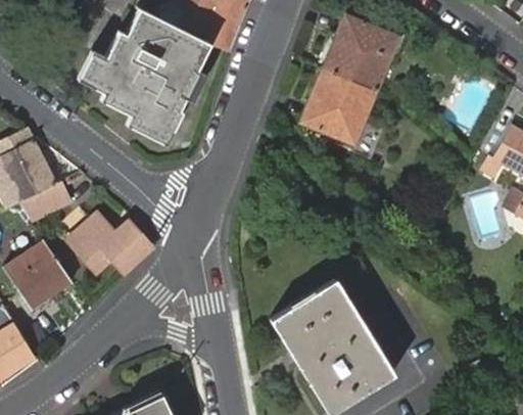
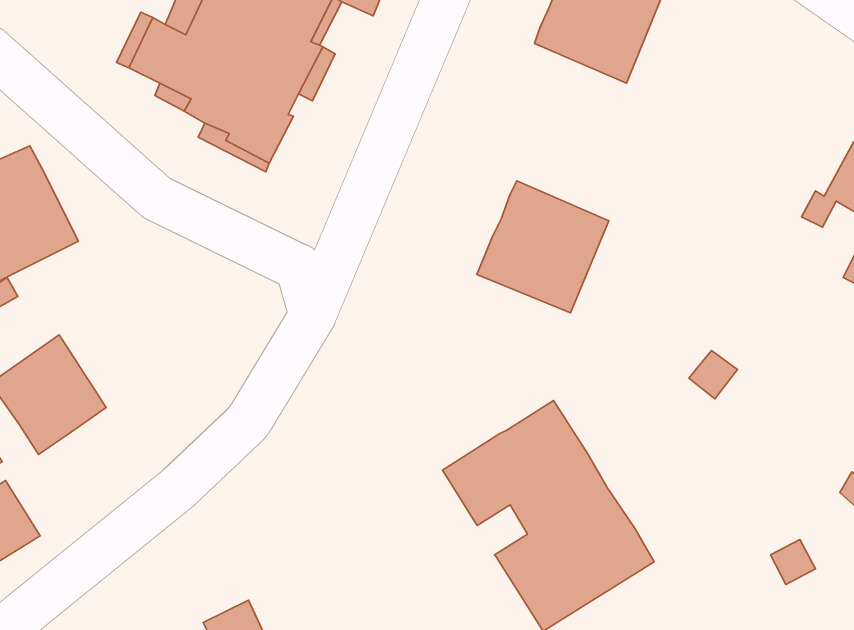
building: [299,67,377,145] -> [477,181,609,313]
building: [17,181,67,220] -> none
building: [66,213,152,273] -> none

